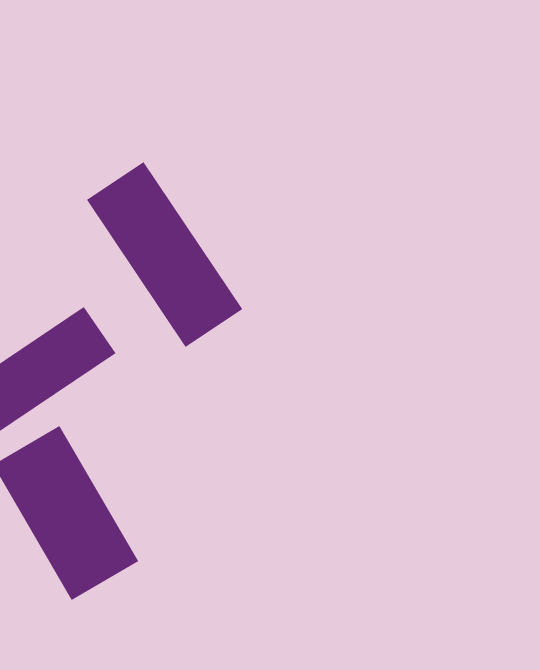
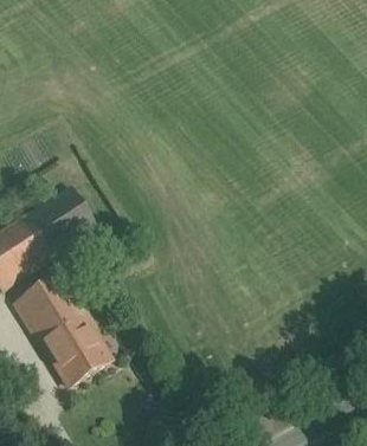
building: [86,161,243,348] -> none

